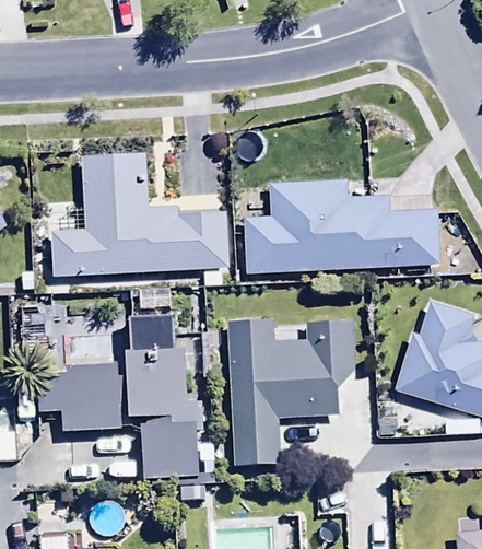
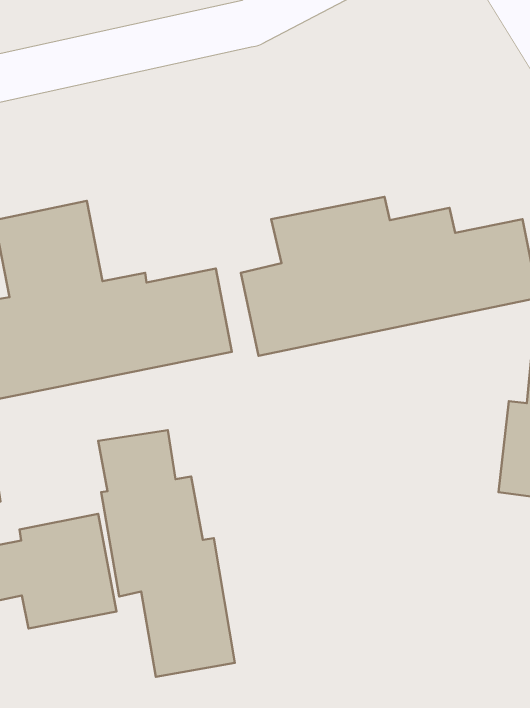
building: [226,318,356,467] -> none

